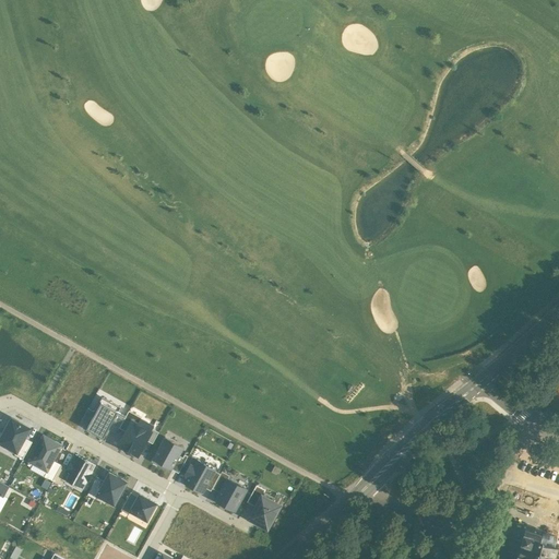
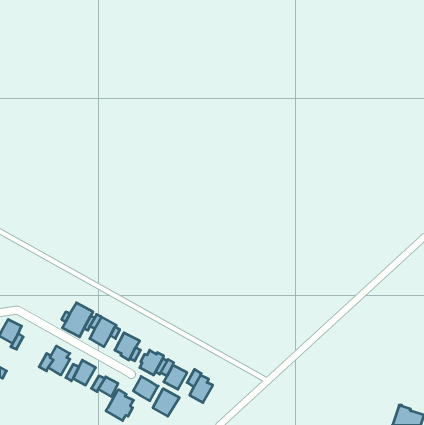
building: [27,435,61,472] -> none
building: none -> [133,376,158,401]
building: none -> [153,389,179,416]
building: none -> [106,390,134,421]

